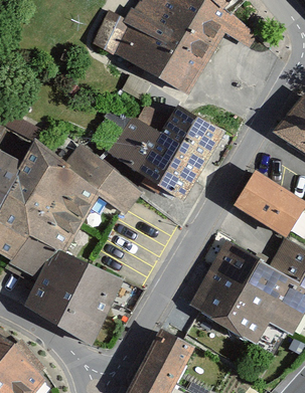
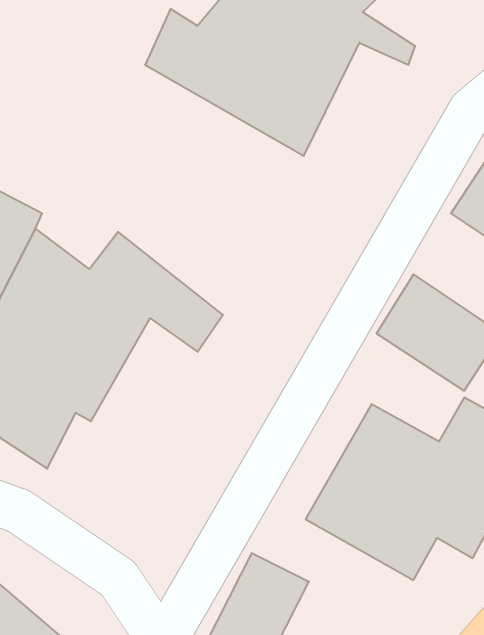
building: [109,105,224,200] -> none
building: [23,248,121,341] -> none

